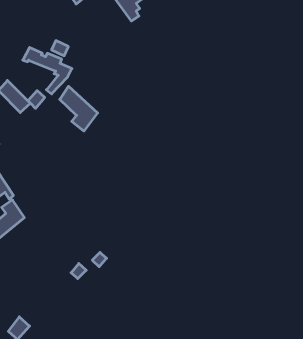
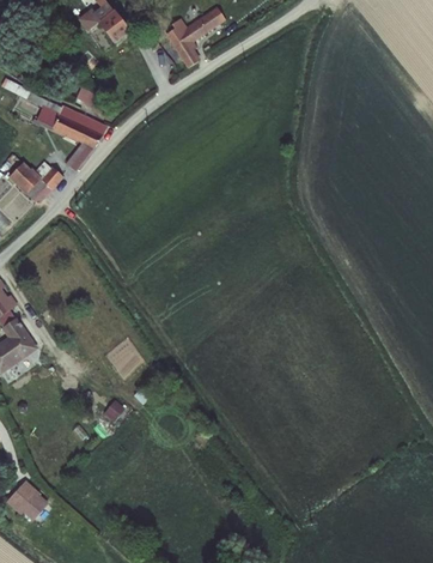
building: [60,86,98,131] -> none

